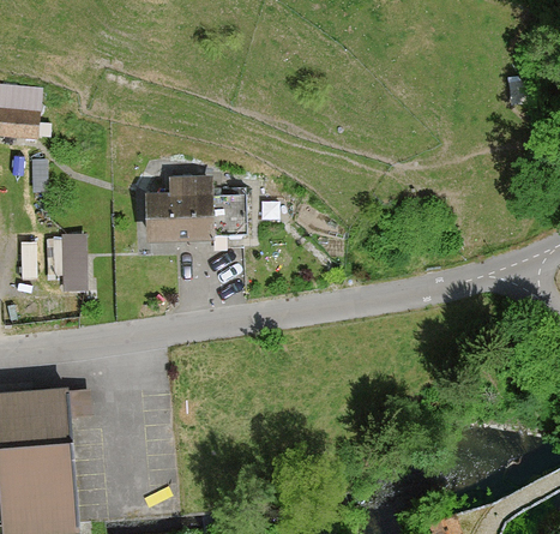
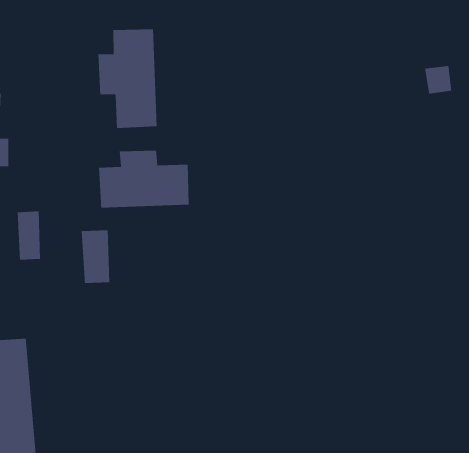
building: none -> [98,29,157,129]
building: none -> [81,230,110,284]

